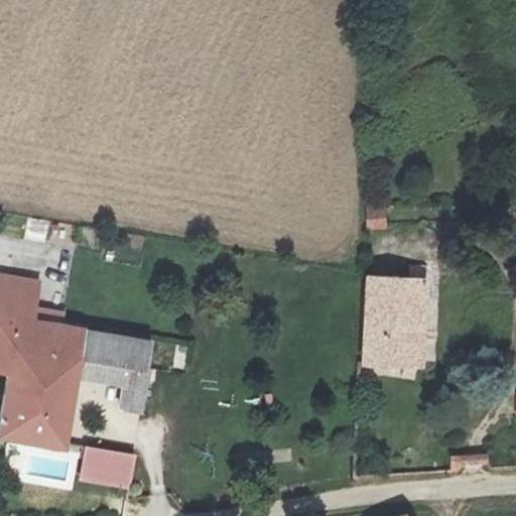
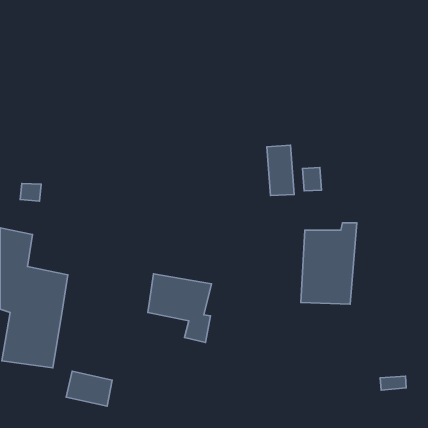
building: none -> [267,145,294,195]
building: [75,331,151,413] -> [148,274,211,343]

